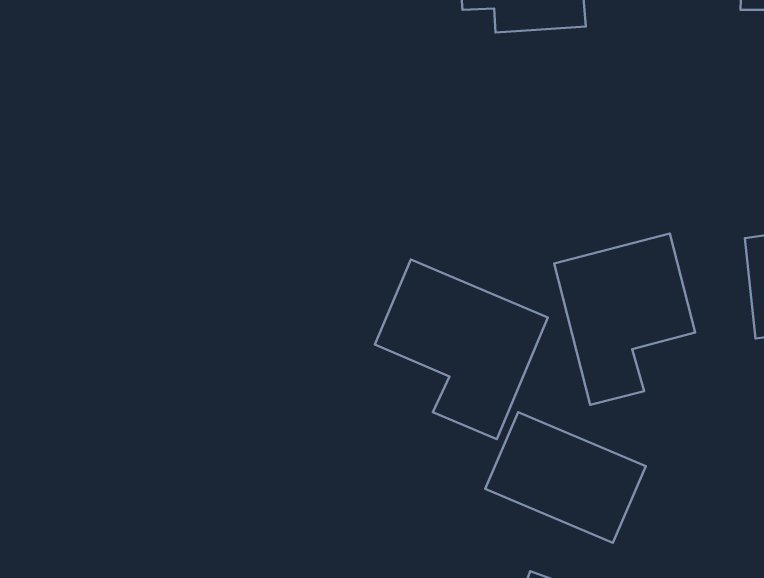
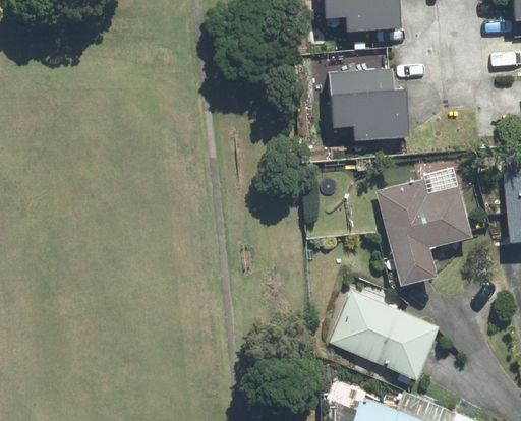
building: none -> [320,67,405,144]
building: [375,259,548,439] -> none

